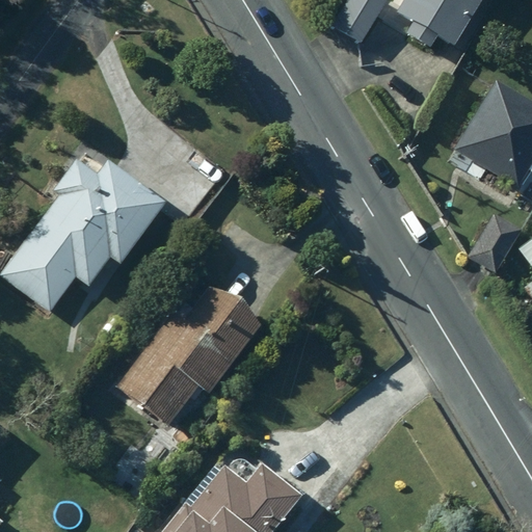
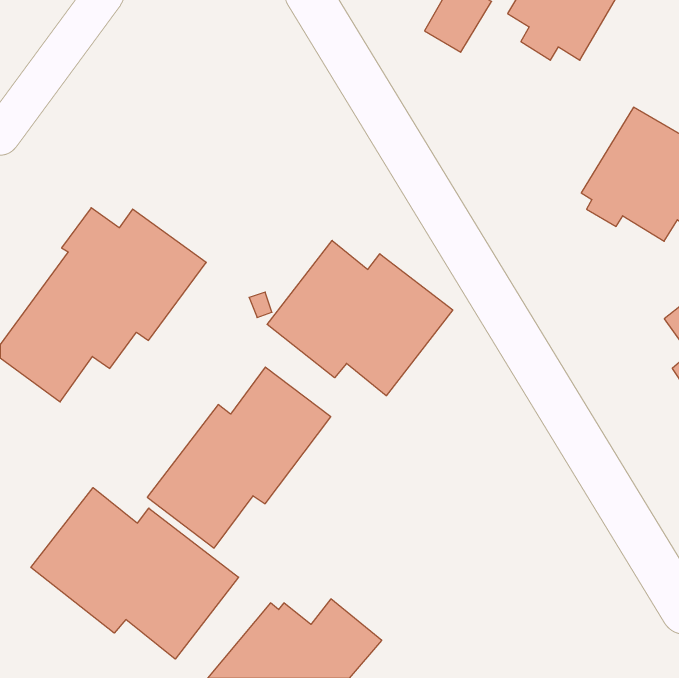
building: none -> [267,240,453,396]
building: [470,215,521,270] -> none
building: none -> [31,488,239,659]

